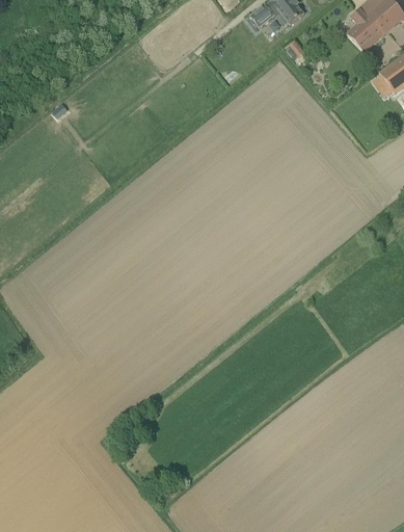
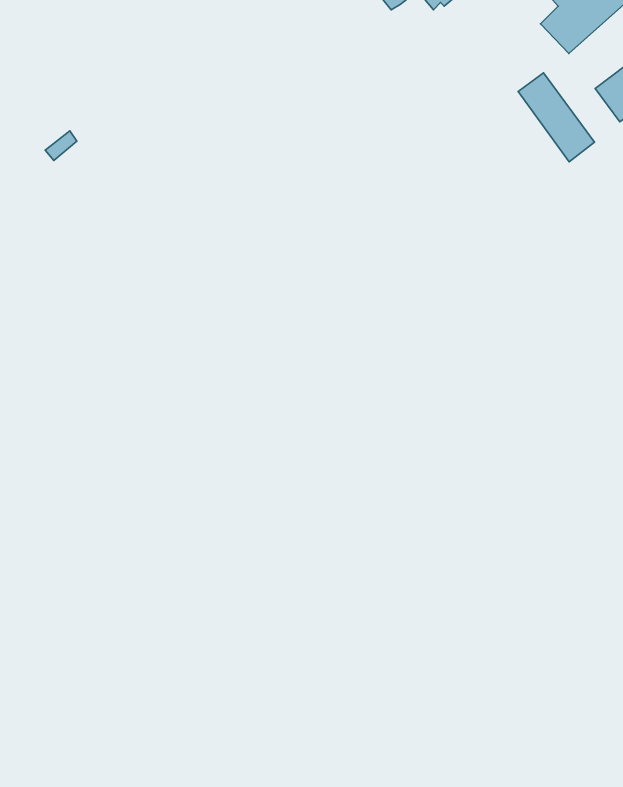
building: none -> [518,73,595,162]

